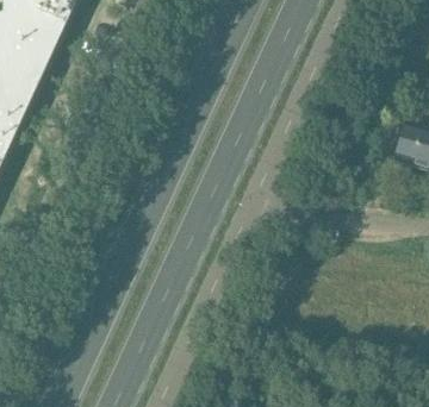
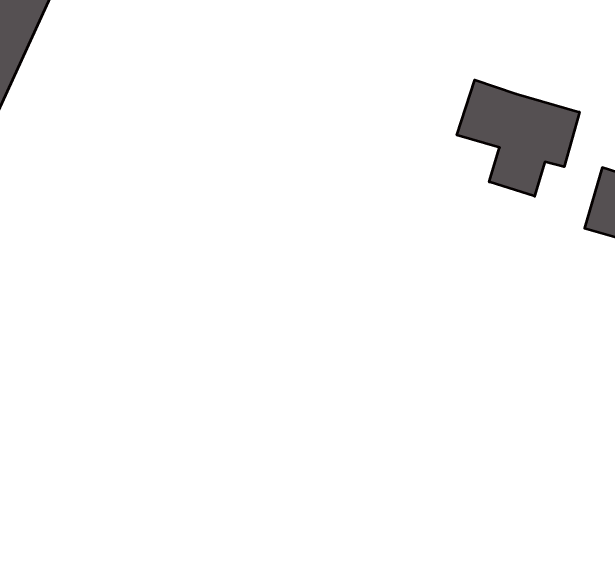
building: none -> [457,80,579,196]

